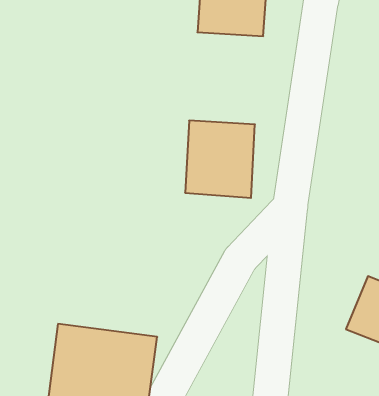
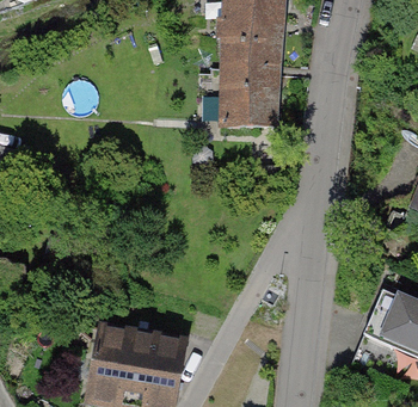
building: [185,121,255,198] -> [217,57,282,129]

